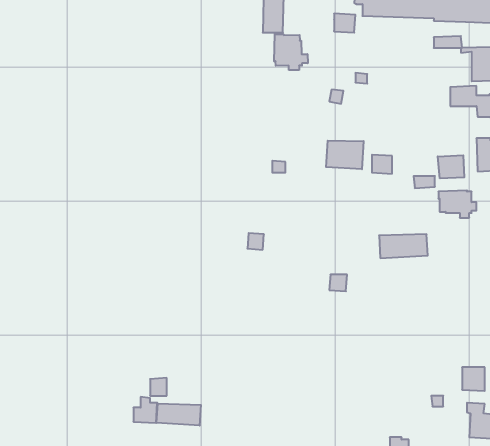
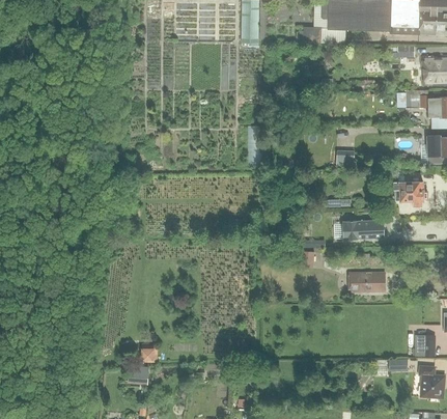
building: [274,34,308,70] -> none
building: [326,141,364,169] -> none
building: [438,155,464,178] -> none
building: none -> [348,272,385,292]
building: [156,403,201,426] -> none

